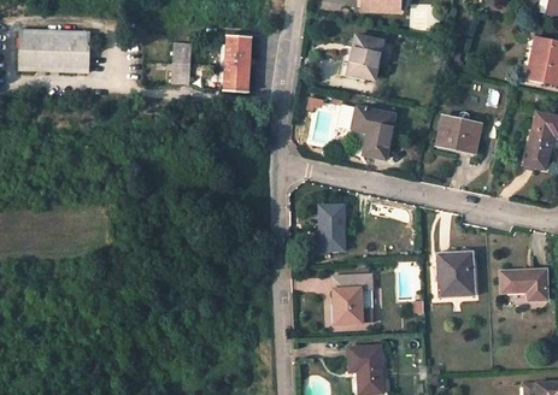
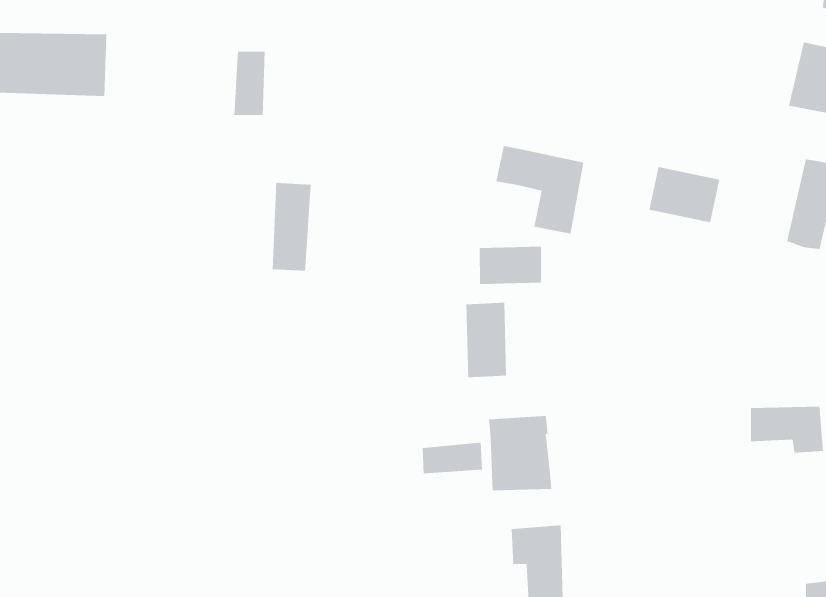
building: [346,35,382,79] -> none
building: [225,36,251,93] -> [272,183,311,271]
building: none -> [479,246,542,285]
building: [436,258,472,297] -> none
building: none -> [422,442,482,474]

